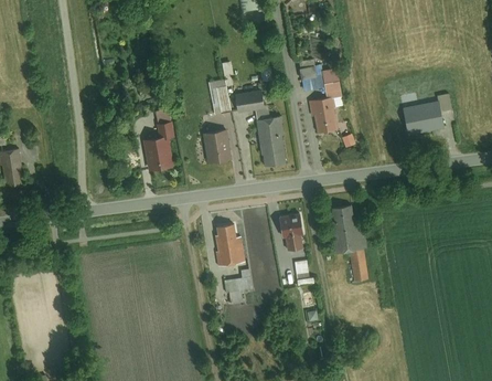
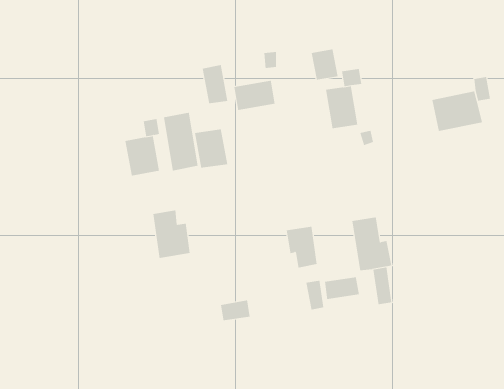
building: [258,116,288,166] -> [163,112,199,171]
building: [213,226,245,267] -> [152,210,190,259]
building: none -> [324,277,360,300]

